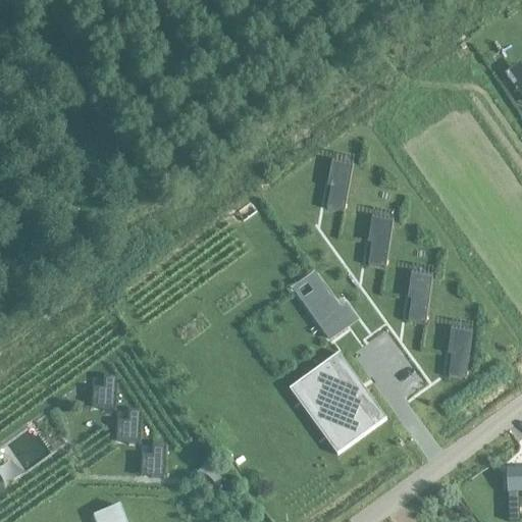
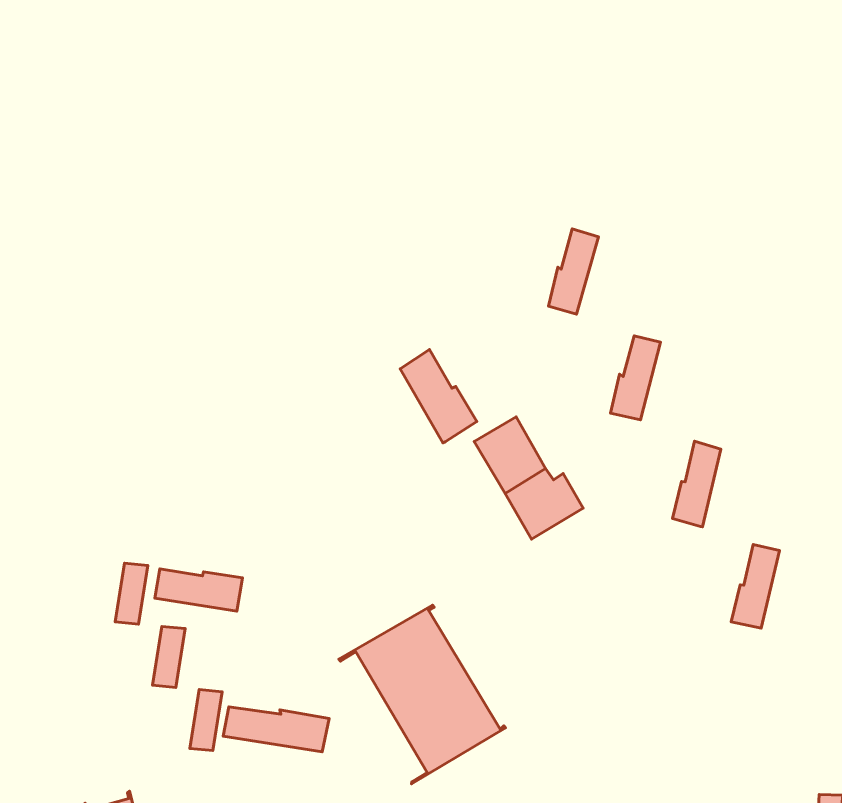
building: none -> [400,349,477,443]
building: [288,351,385,453] -> [339,605,506,784]
building: none -> [155,569,243,611]
building: none -> [223,707,329,752]

